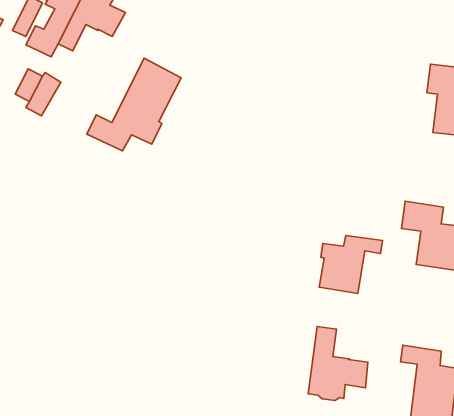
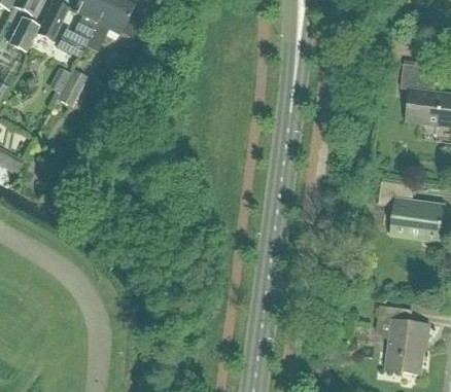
building: [87,58,181,151] -> none
building: [319,236,382,294] -> none
building: [308,327,368,401] -> none

